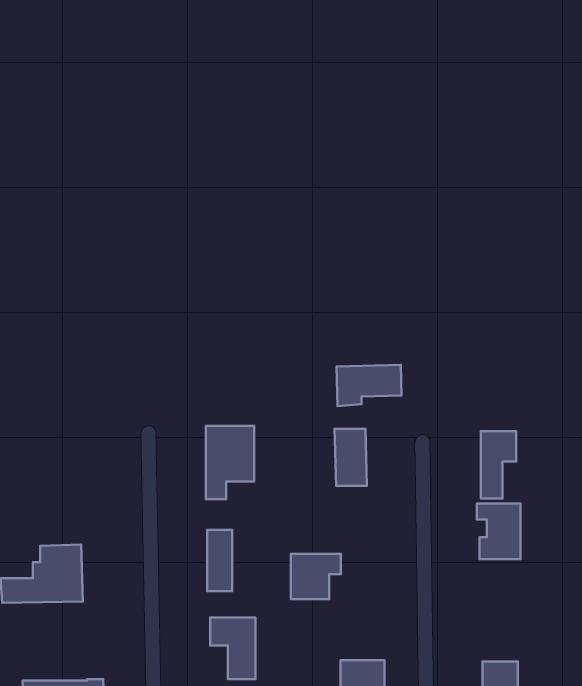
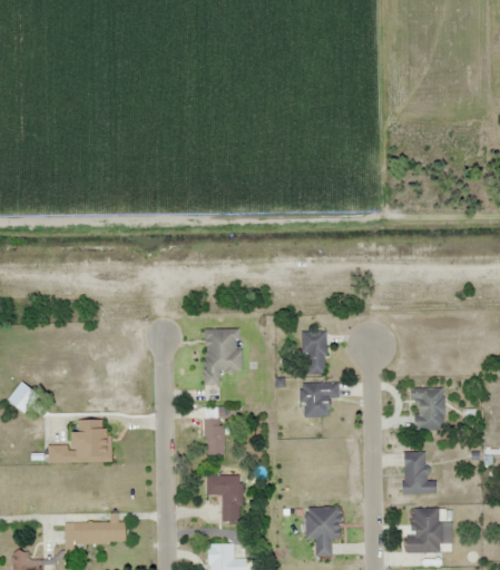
building: [336,365,402,406] -> none
building: [481,431,516,498] -> none
building: [291,554,341,599] -> [301,382,339,416]
building: none -> [402,451,437,494]

